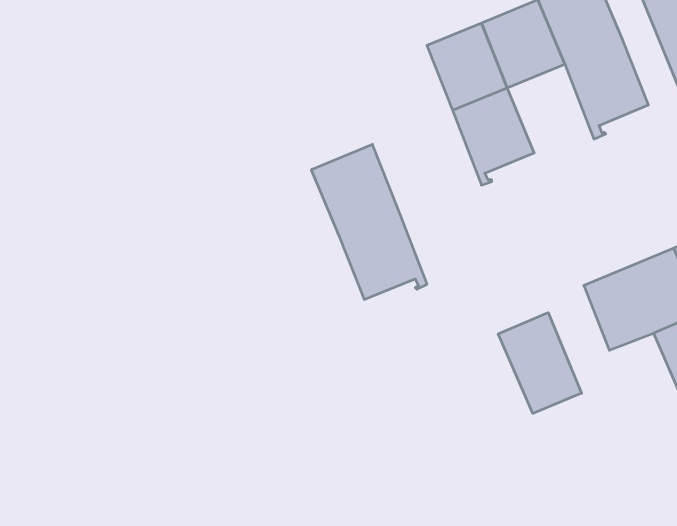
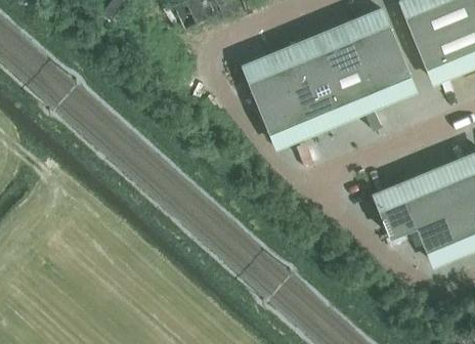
building: none -> [328,61,380,115]
building: [311,144,427,299] -> [243,50,312,143]
building: [498,313,582,413] -> none

